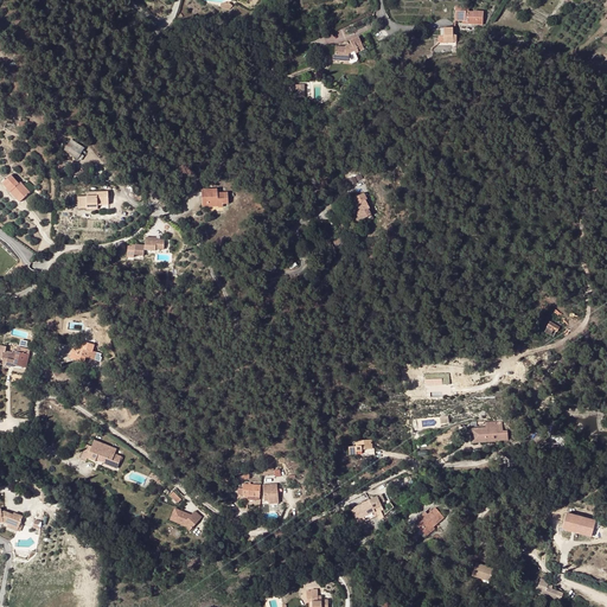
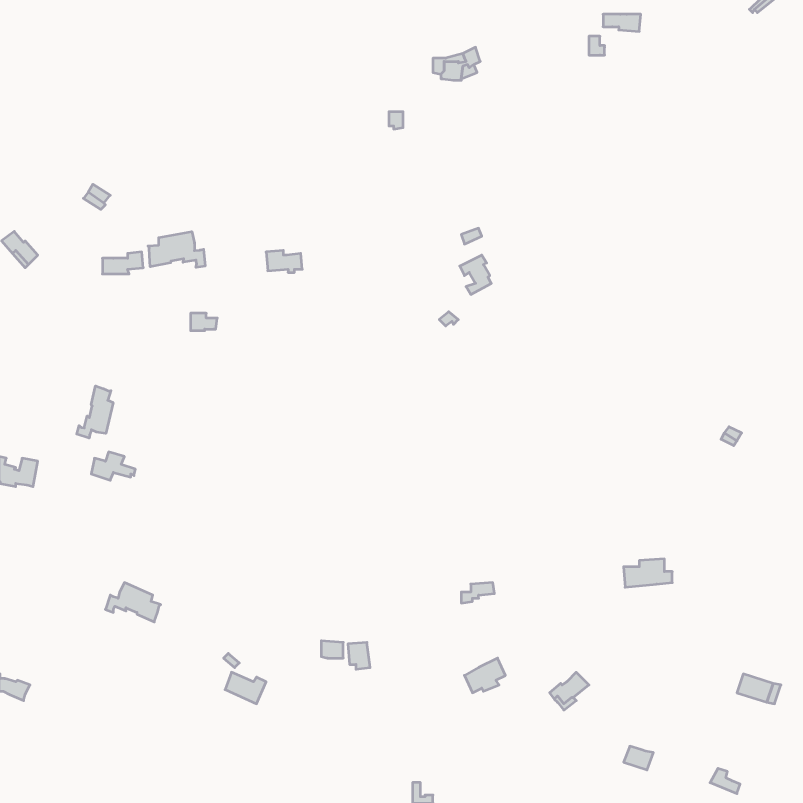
building: none -> [148,232,205,267]
building: none -> [77,386,113,438]

